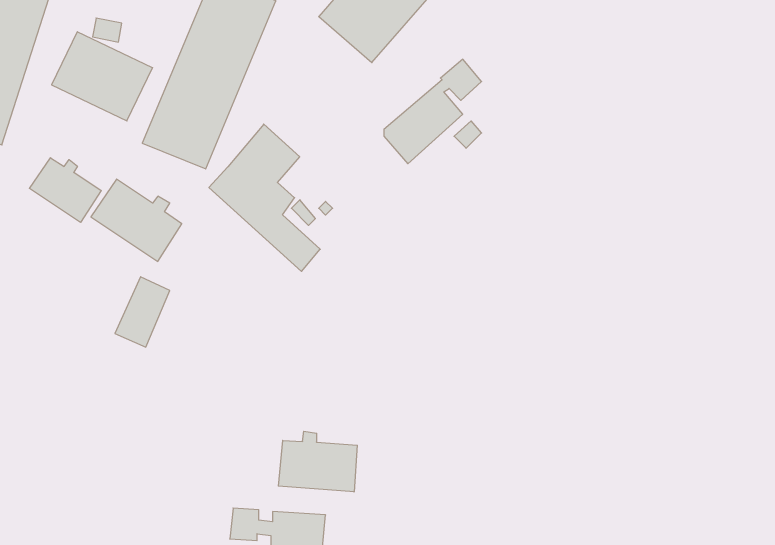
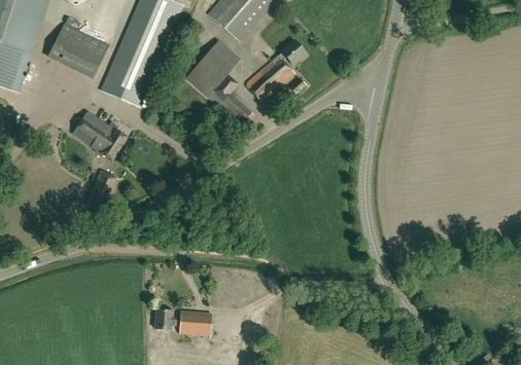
building: [209,124,320,271] -> [186,38,253,126]
building: [29,158,101,222] -> none
building: [278,431,357,492] -> none

